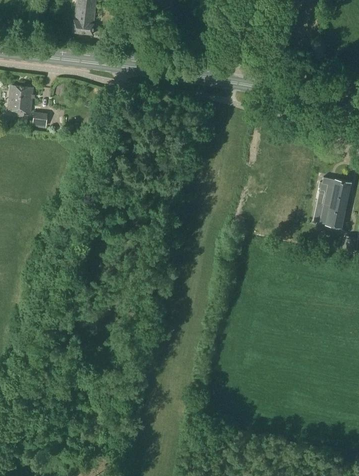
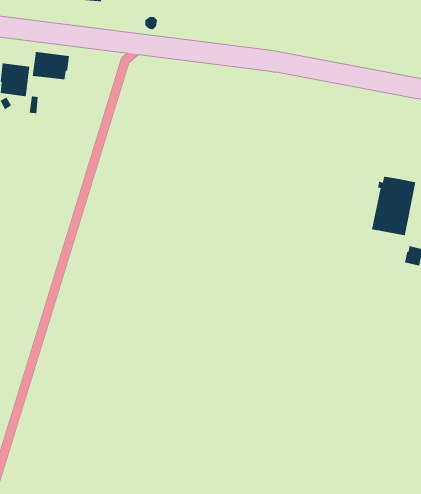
building: none -> [32,51,70,80]

